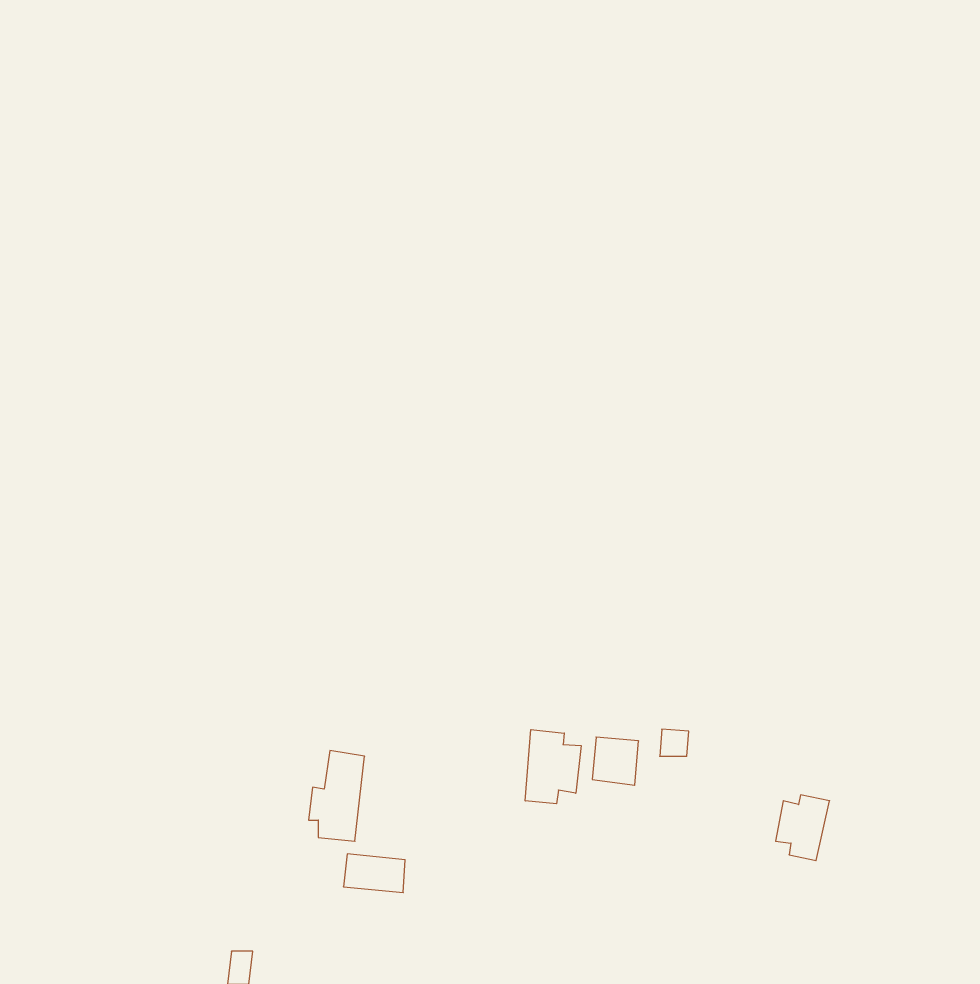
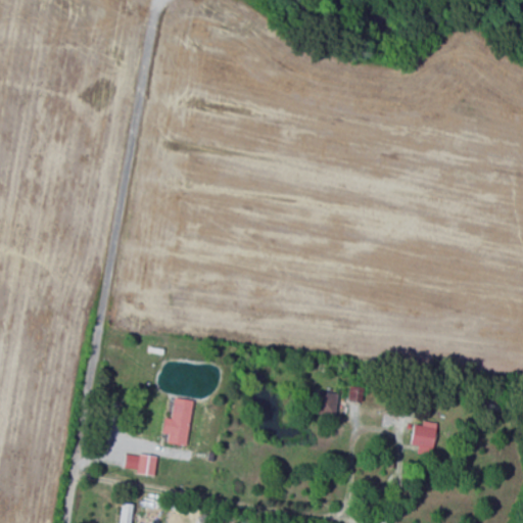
building: [525,730,581,804] -> none
building: [343,854,405,893] -> [125,454,157,474]

